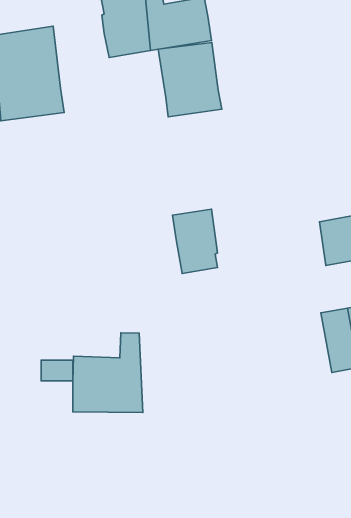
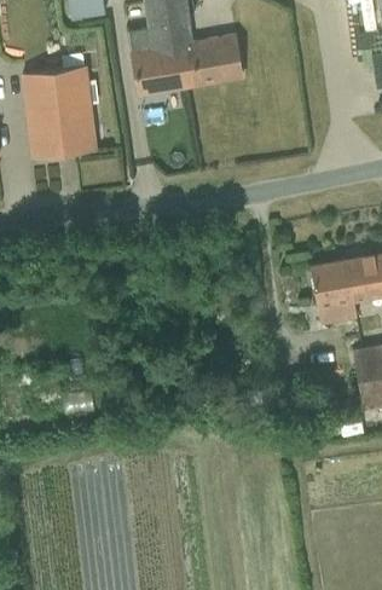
building: [158,42,222,117] -> none
building: [173,209,218,274] -> [311,258,355,322]
building: [73,333,143,413] -> none

